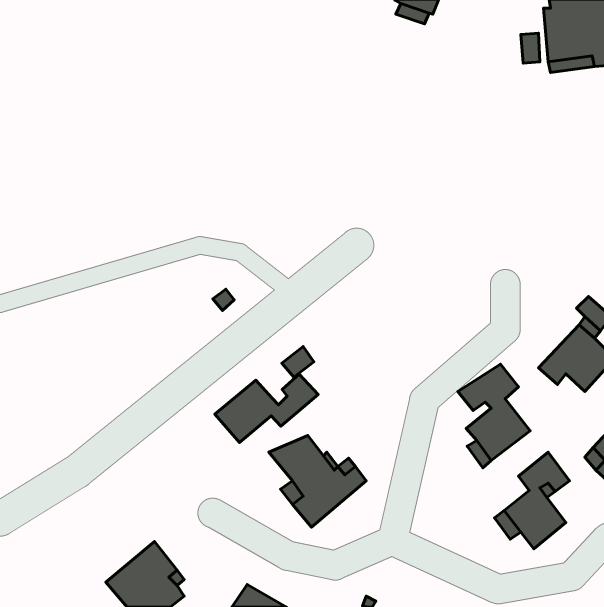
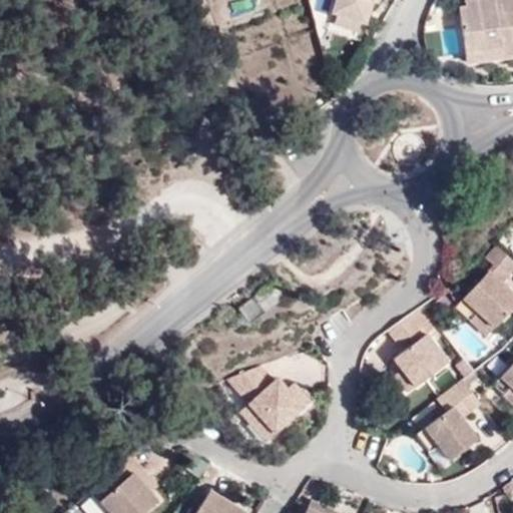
building: [215,374,318,442] -> none

